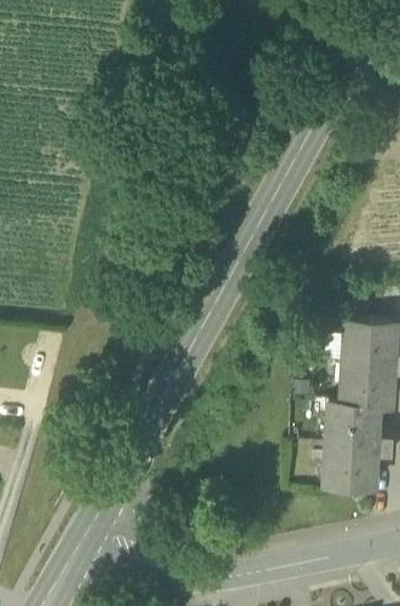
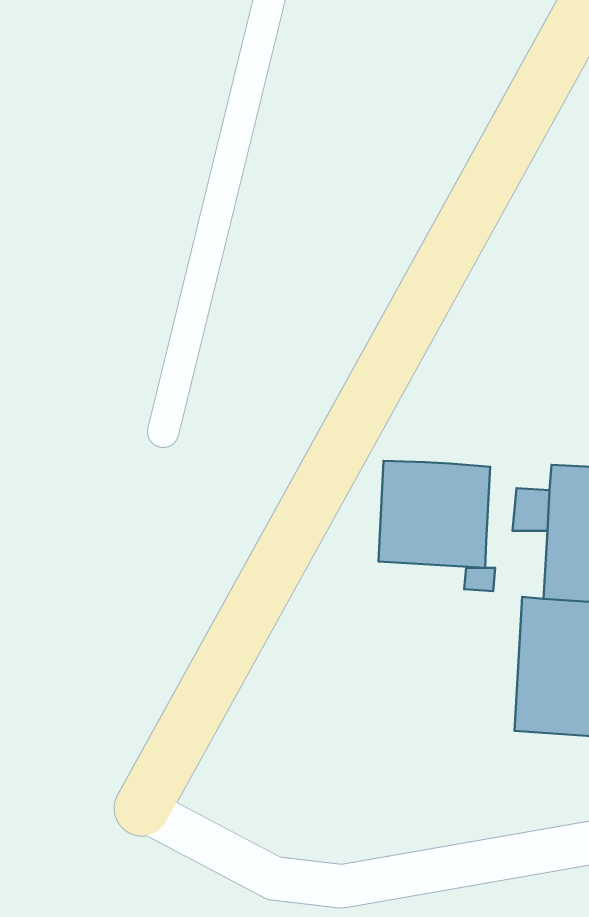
building: none -> [378,461,490,568]

